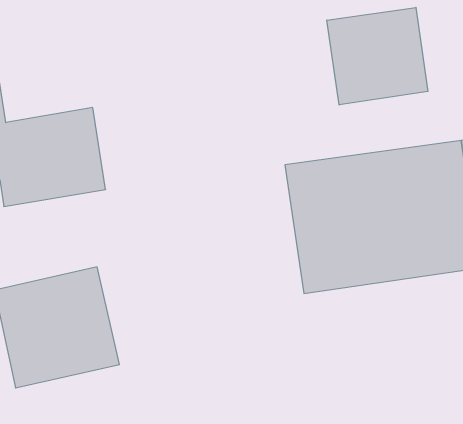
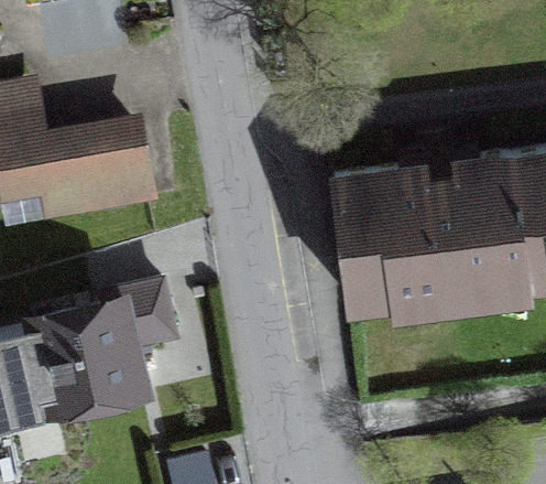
building: [327,7,428,105] -> none

